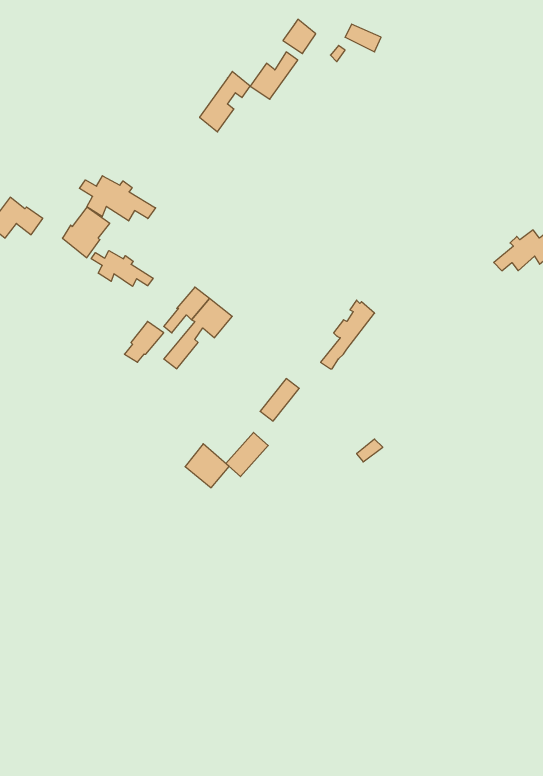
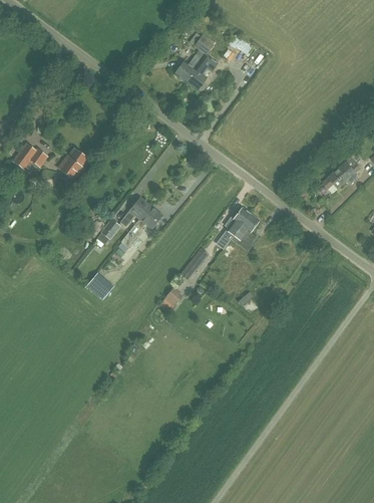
building: [200,71,250,132] -> [185,53,217,90]
building: [79,176,156,221] -> none
building: [91,251,153,286] -> none
building: none -> [233,213,259,245]
building: [185,444,229,488] -> [86,271,113,298]

